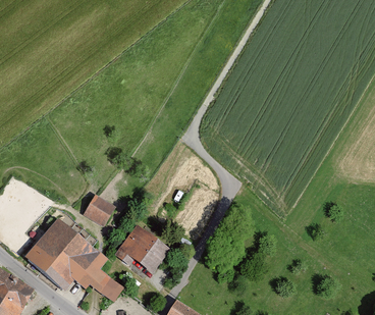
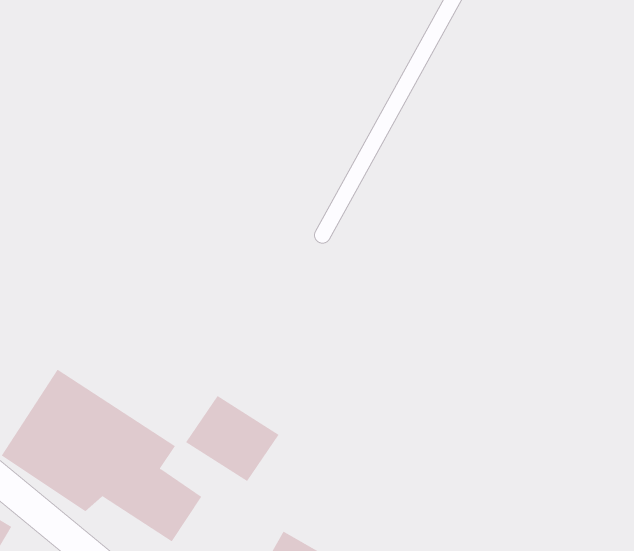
building: [86,193,115,223] -> none

